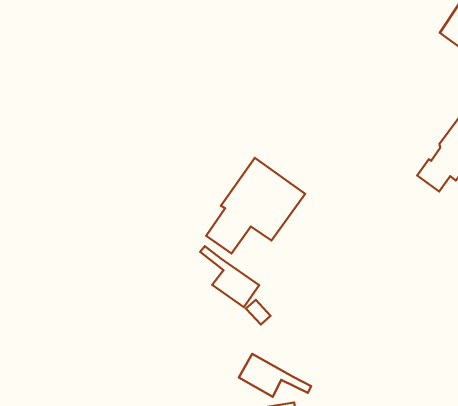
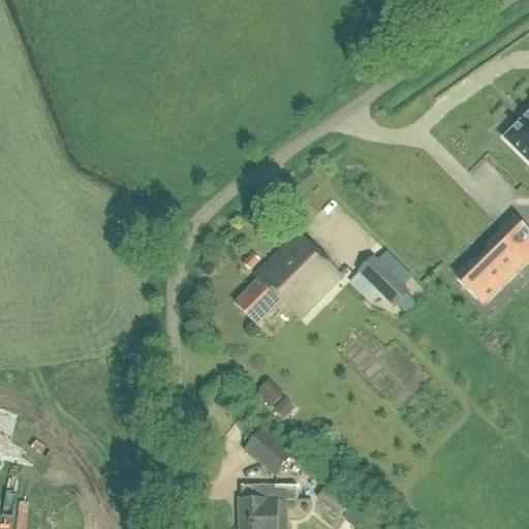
building: none -> [359,256,408,305]
building: [200,246,259,307] -> none

